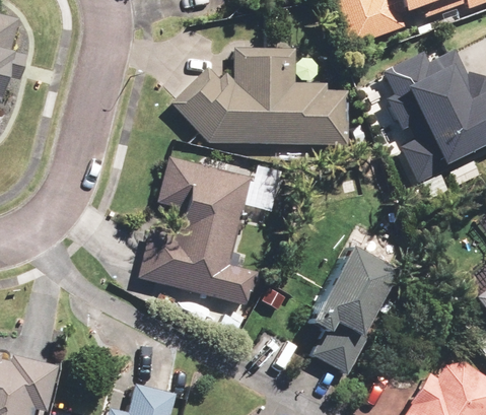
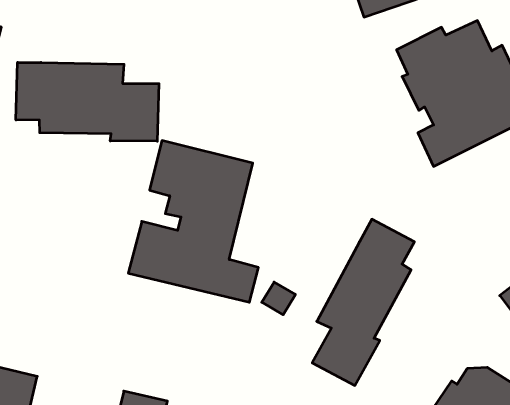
building: [171,48,349,147] -> none
building: none -> [16,62,159,141]

